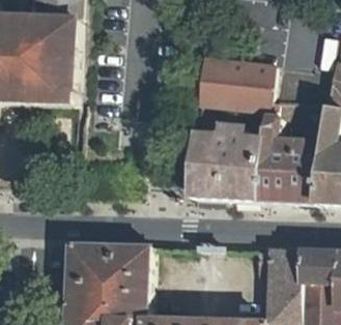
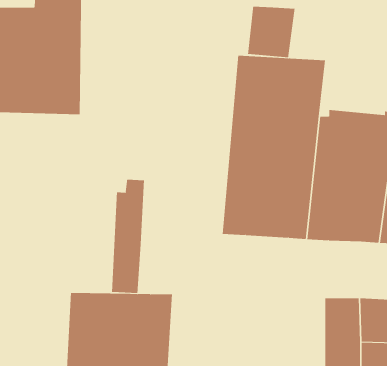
building: none -> [247,6,295,58]
building: none -> [111,179,145,294]

